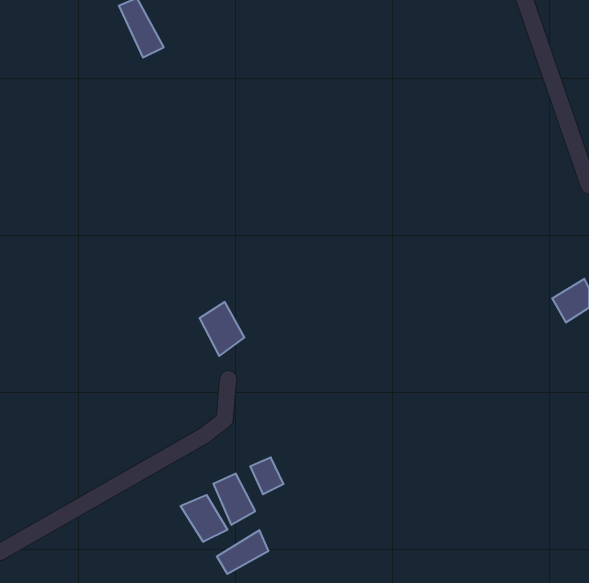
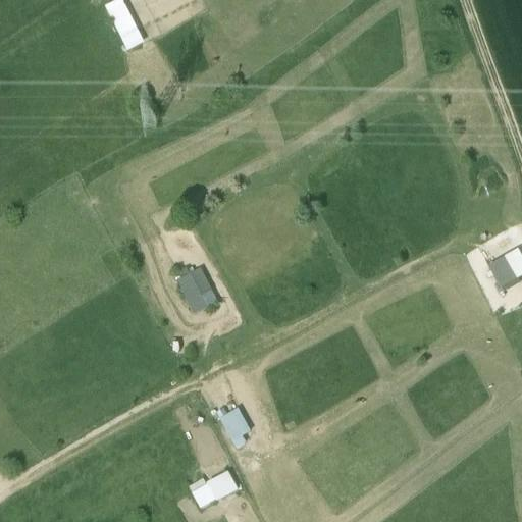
building: [214,473,255,525] -> none
building: [181,495,228,542] -> none

